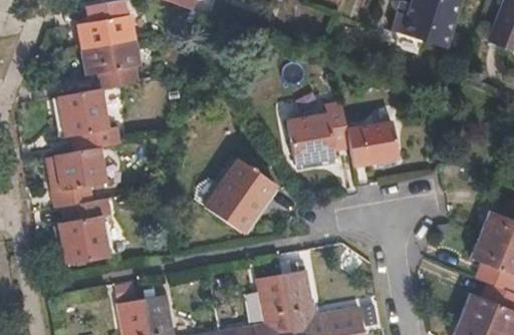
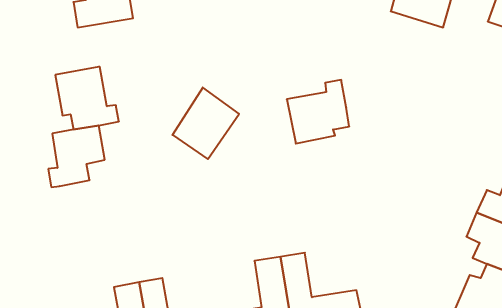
building: [80,39,140,87] -> none
building: [347,120,401,165] -> none
building: [207,159,273,231] -> [172,87,239,159]
building: [59,197,111,264] -> none

